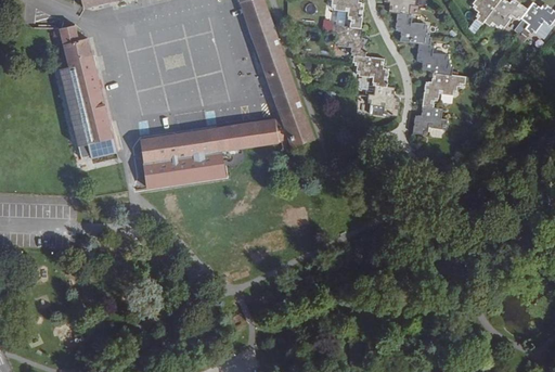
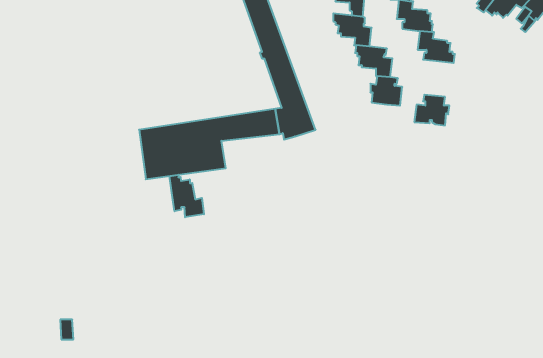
building: [53,25,116,158] -> none
building: [422,72,465,106] -> none
building: none -> [169,175,204,217]

